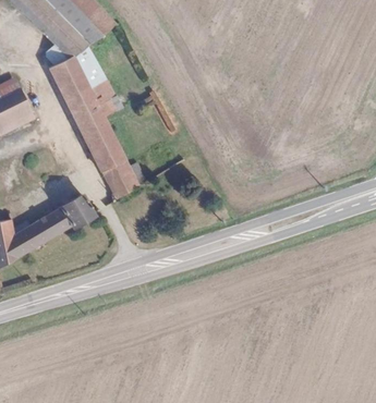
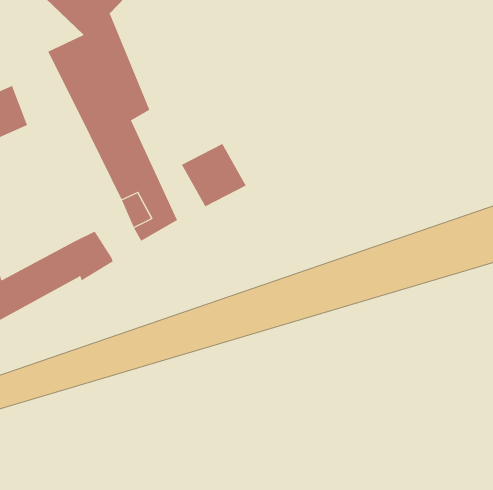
building: none -> [181,143,247,207]

